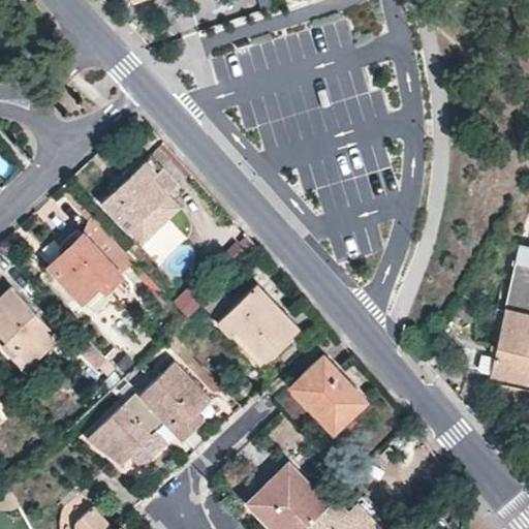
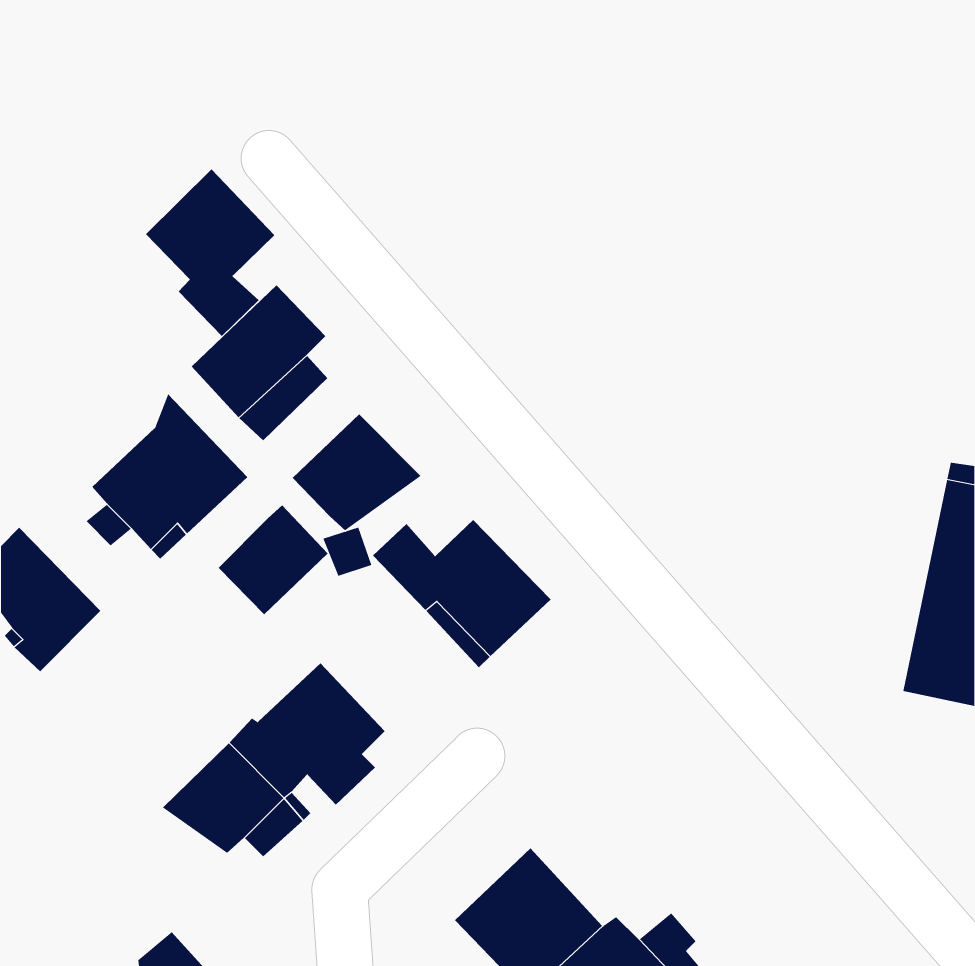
building: none -> [145,169,275,337]
building: none -> [292,413,421,531]
building: none -> [218,505,329,615]
building: [290,357,365,433] -> none

